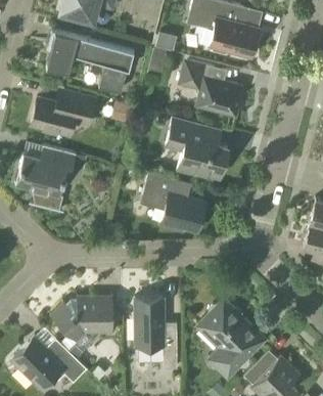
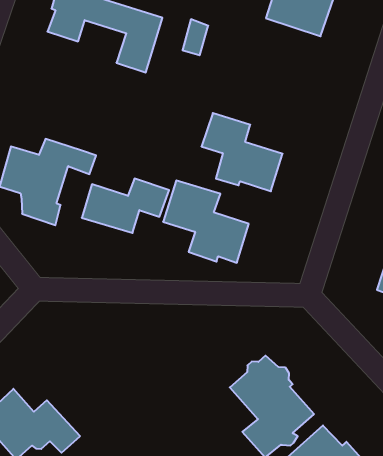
building: [185,60,244,116] -> none
building: [32,92,96,133] -> [82,179,169,233]
building: [51,295,113,341] -> none
building: [136,298,178,368] -> none

